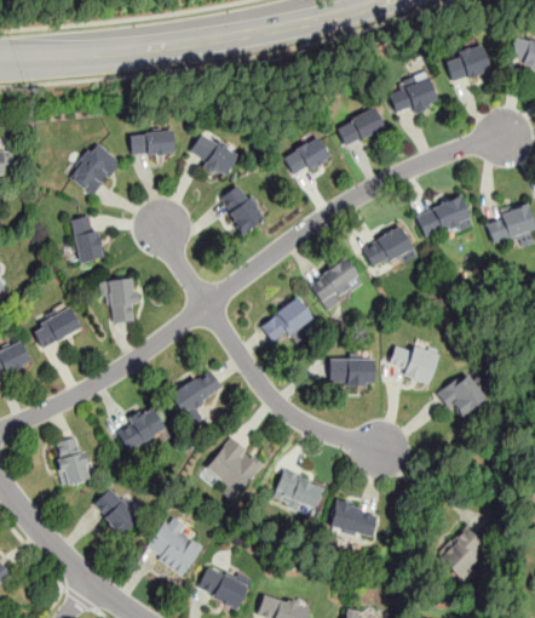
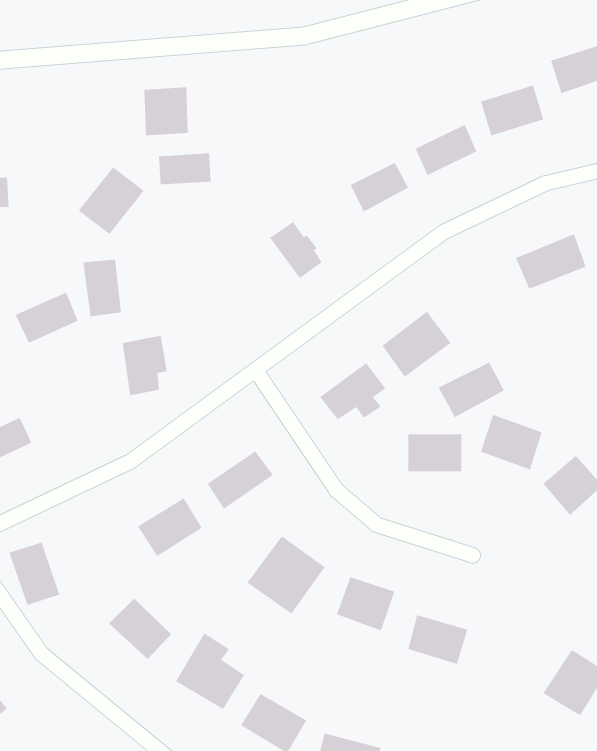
building: none -> [144,87,188,136]
building: [188,131,240,179] -> none
building: [362,225,415,270] -> [438,362,505,418]
building: [31,307,82,348] -> [15,292,79,344]
building: [52,437,93,488] -> [9,542,60,605]

